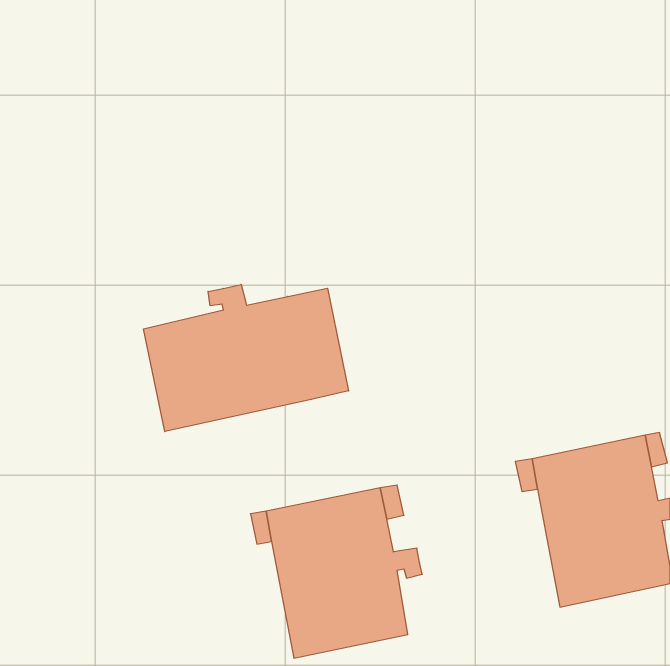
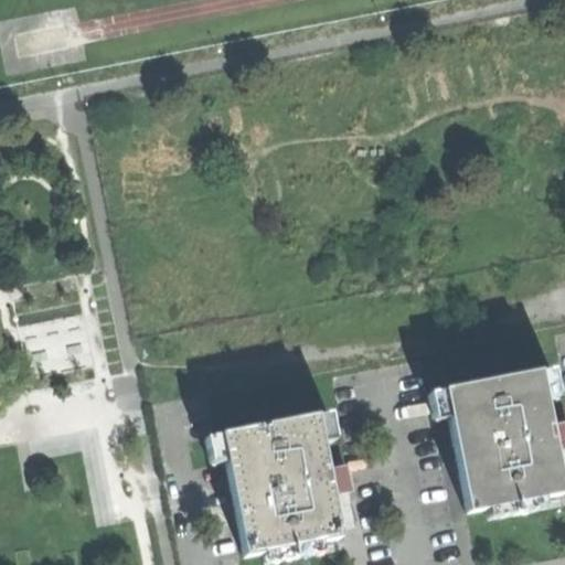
building: [144,284,349,432] -> none

